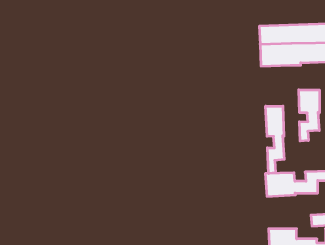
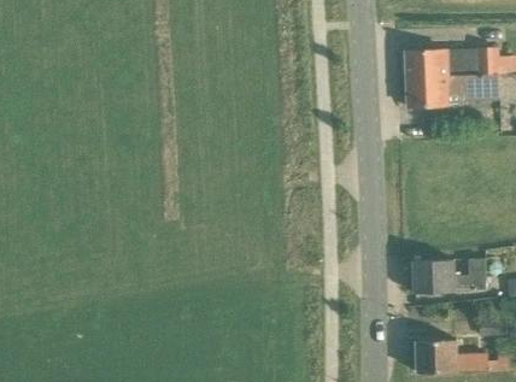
building: [299,90,319,141] -> none
building: [266,106,284,174] -> none

